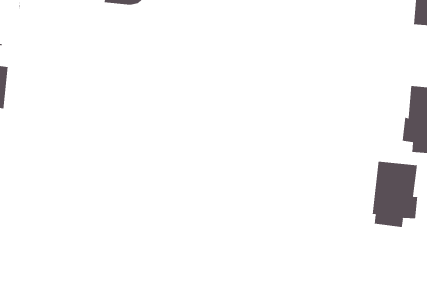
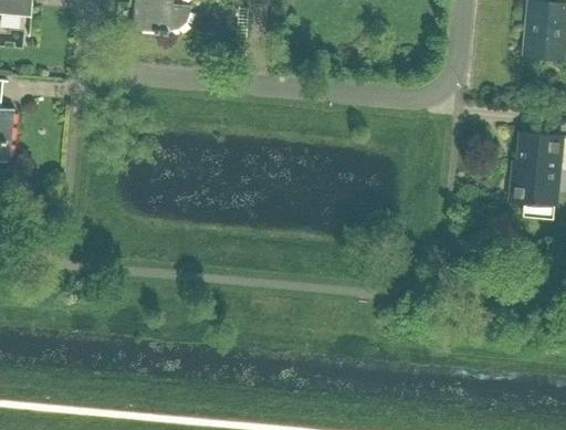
building: [372,161,418,228] -> none

